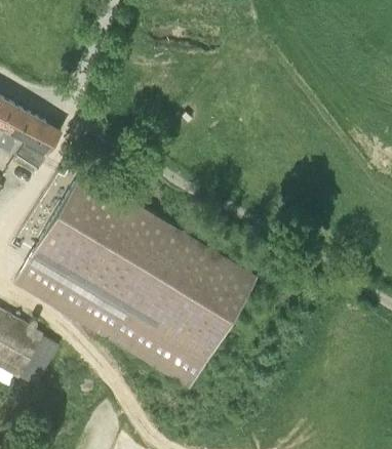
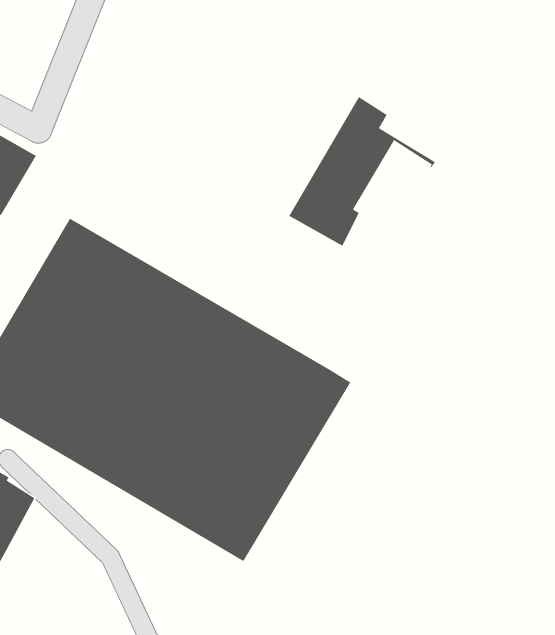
building: none -> [289,96,436,246]

